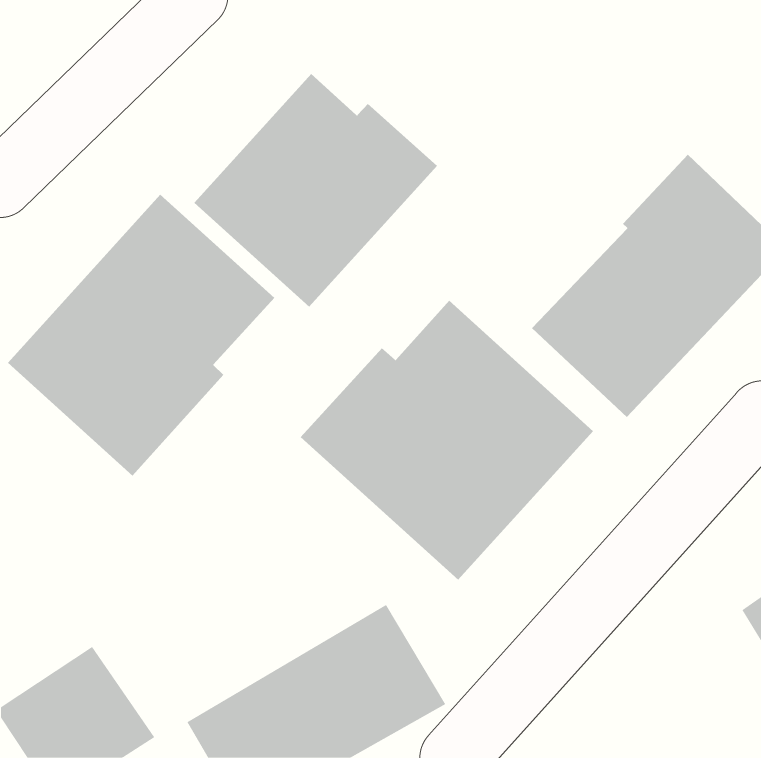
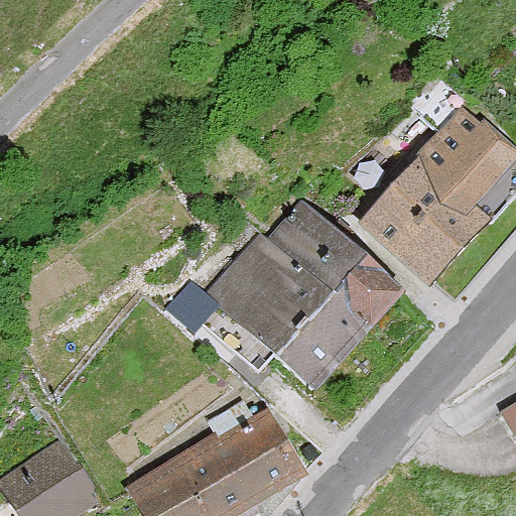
building: [193,73,438,307] -> none
building: [7,194,275,477] -> none

